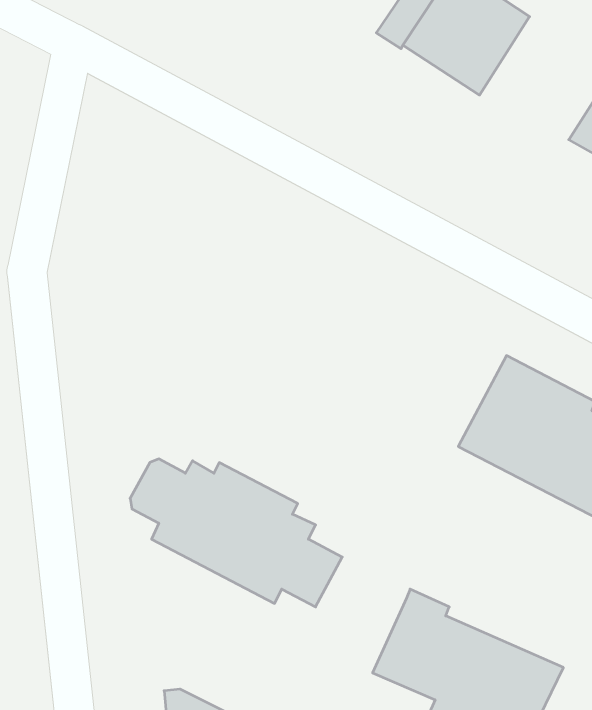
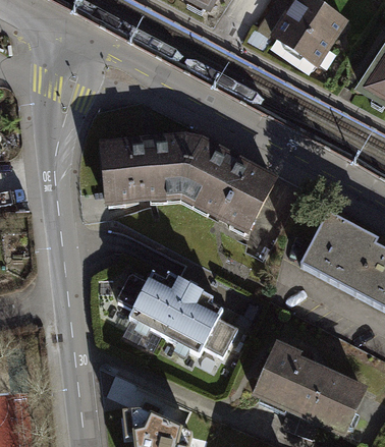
building: none -> [104,139,276,229]

